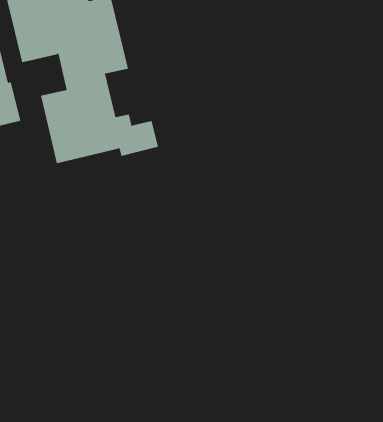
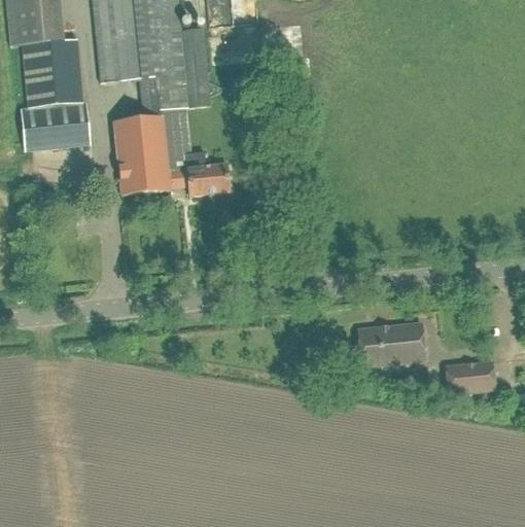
building: none -> [357,321,424,365]

